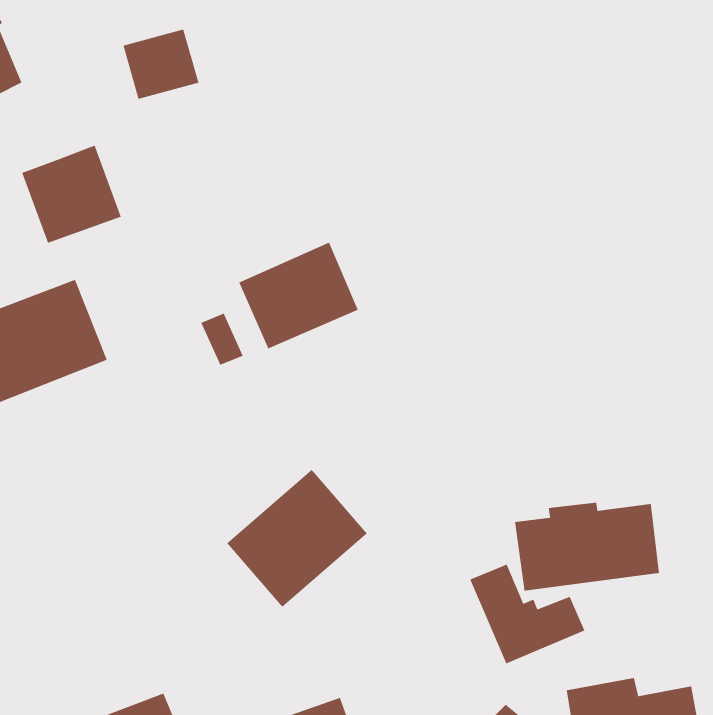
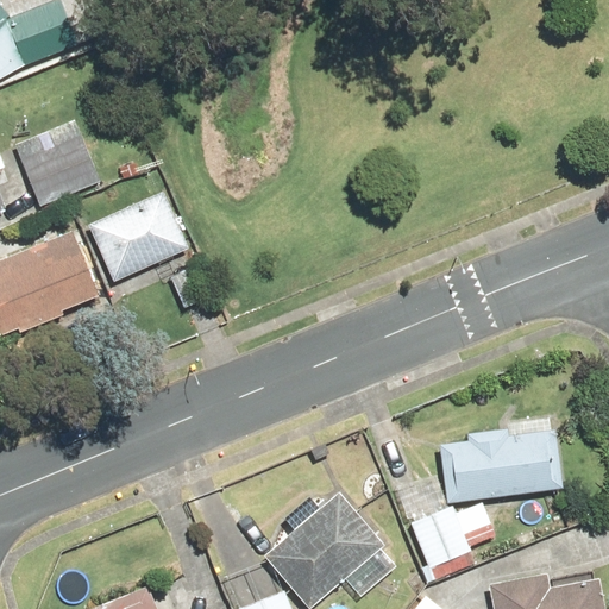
building: [122,28,199,100] -> [12,6,77,67]
building: [238,242,359,350] -> [83,196,186,288]
building: [226,469,368,608] -> [264,484,384,602]

